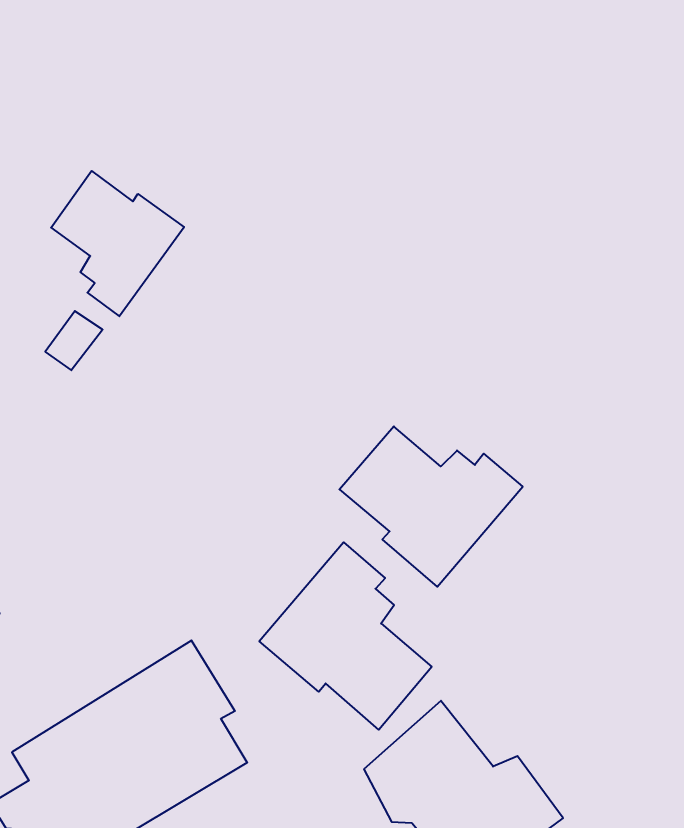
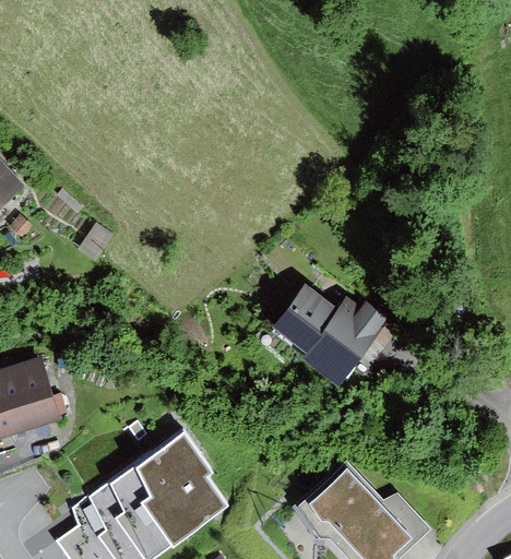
building: [51,171,184,316] -> none
building: [259,542,432,730] -> none

